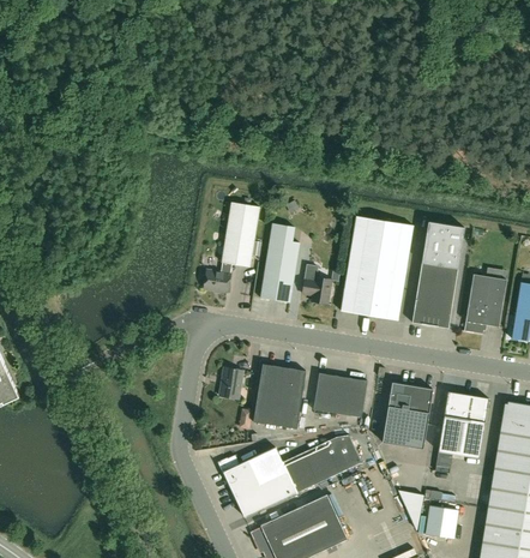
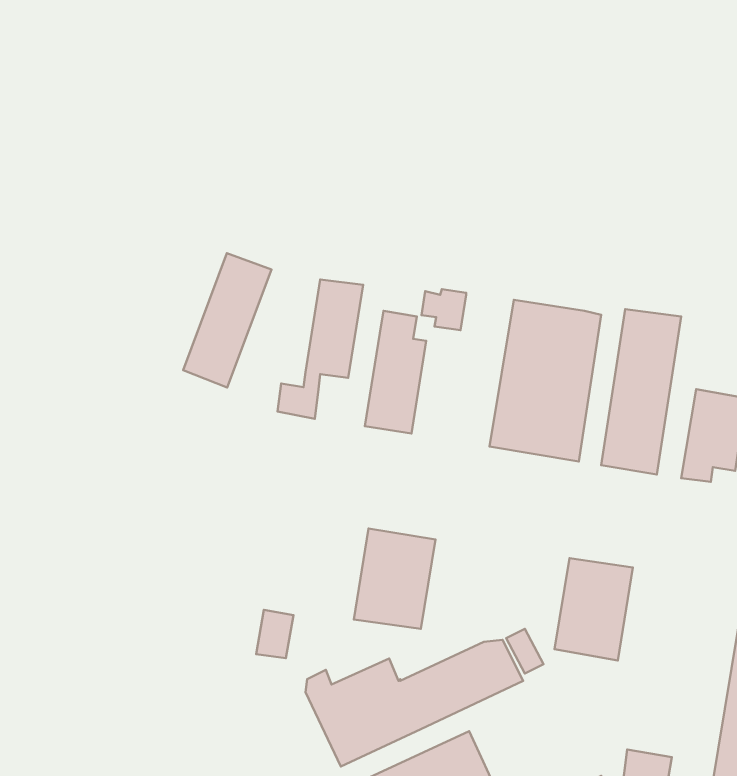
building: none -> [183,253,271,388]
building: [302,277,331,304] -> [421,289,466,330]
building: [219,367,243,398] -> [256,610,293,658]
building: [313,373,367,418] -> none
building: [439,391,489,457] -> none

